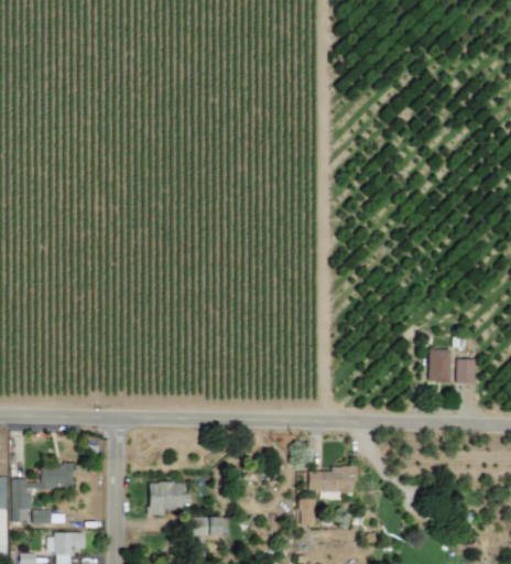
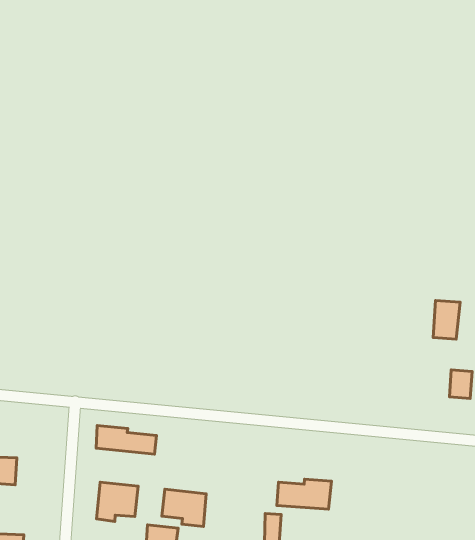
building: [430,349,452,382] -> [433,301,460,339]
building: none -> [96,425,157,454]
building: none -> [162,489,206,527]

